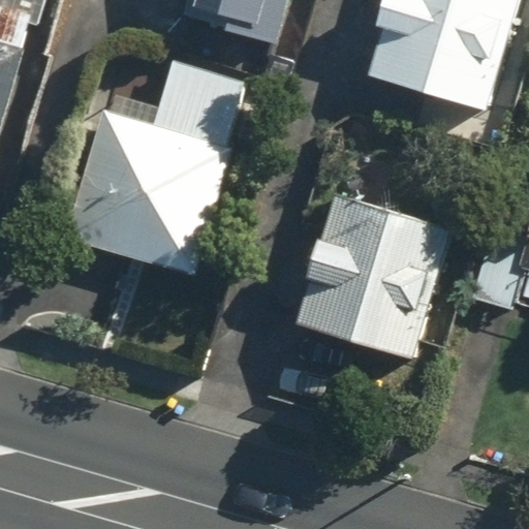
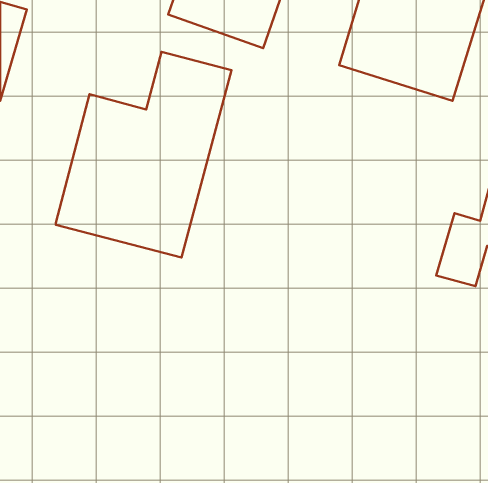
building: [290,193,448,360] -> none

